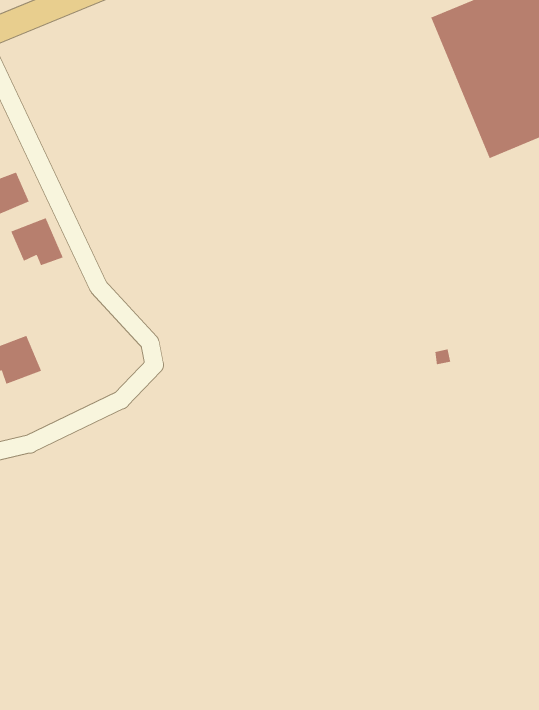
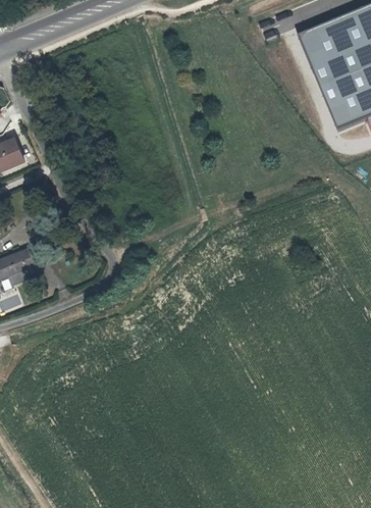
building: [10,217,64,266] -> none

